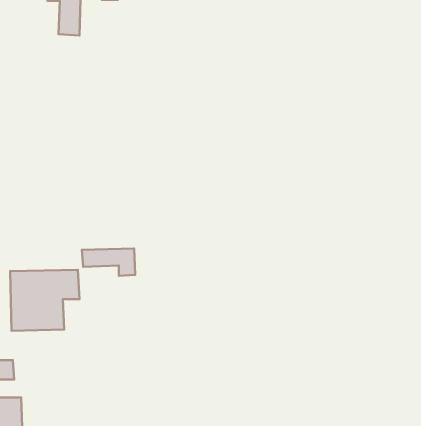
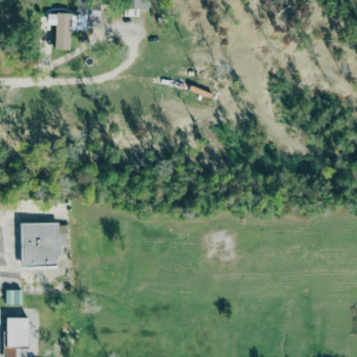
building: [82,249,135,276] -> none

